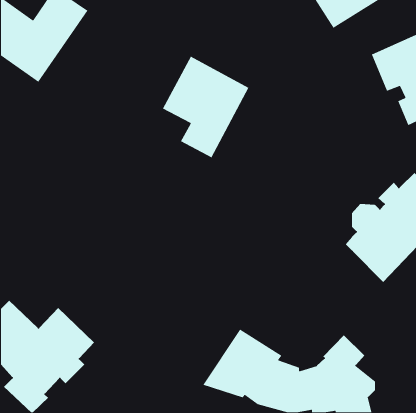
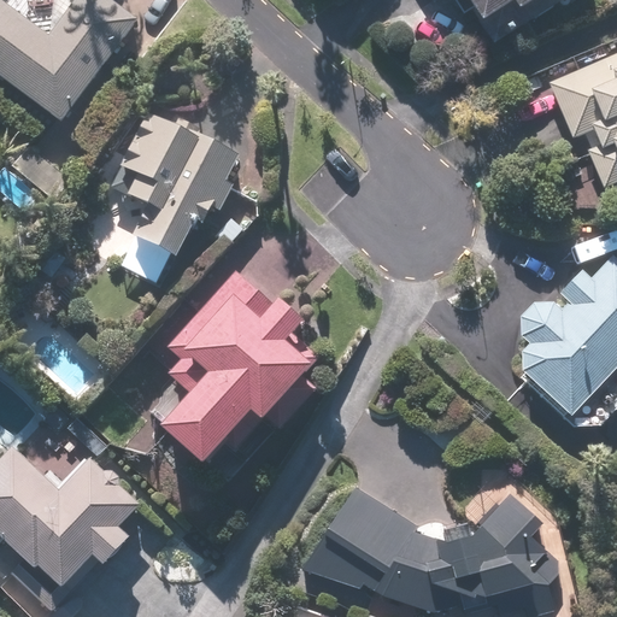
building: [162,55,249,159] -> [106,110,235,262]
building: none -> [154,269,310,469]

